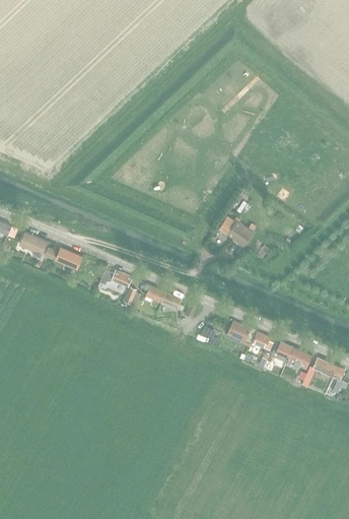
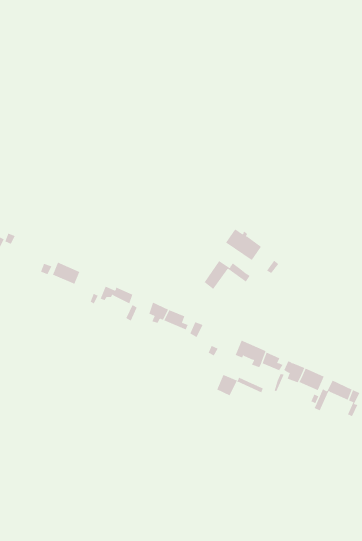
building: [19,232,47,258] -> none
building: none -> [204,260,251,290]
building: none -> [216,374,263,396]

